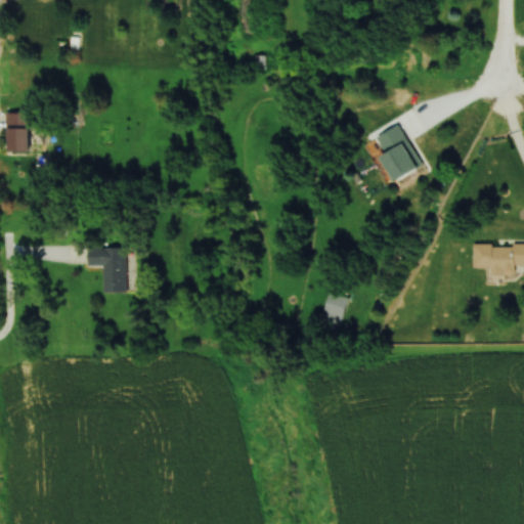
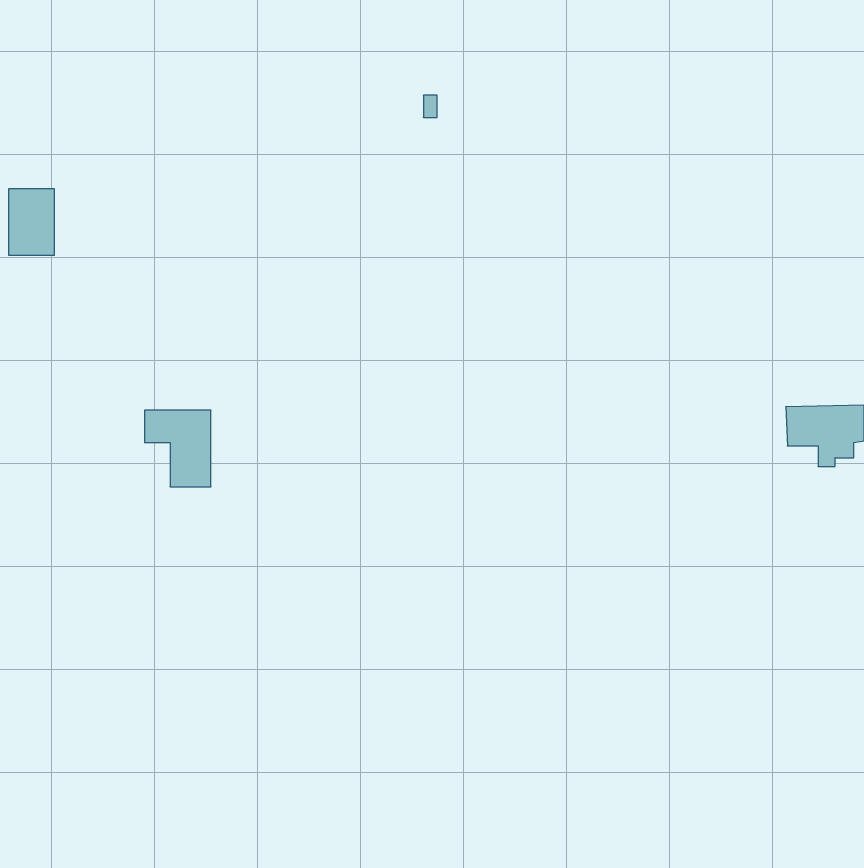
building: [379,128,423,184] -> none
building: [322,294,348,320] -> none

